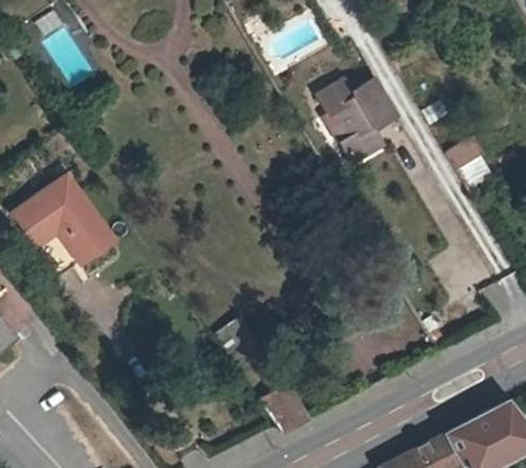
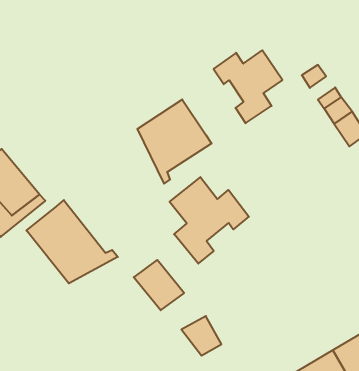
building: none -> [137,99,212,184]
building: none -> [170,177,249,264]
building: none -> [26,200,118,283]

